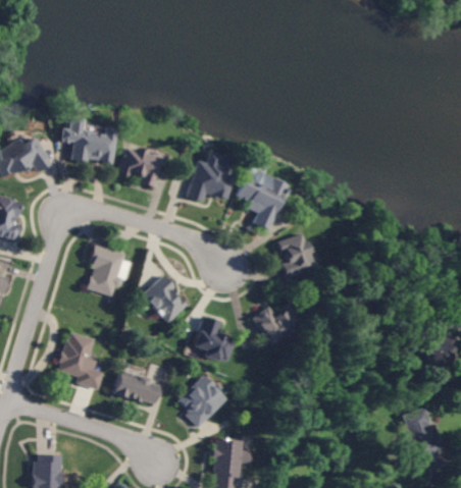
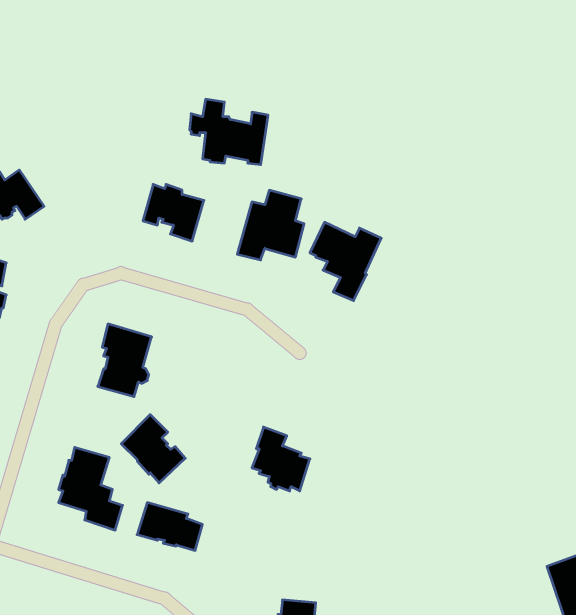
building: [62,117,117,163] -> [190,99,268,165]
building: [277,232,314,277] -> none
building: [143,274,188,322] -> [121,415,185,483]
building: [252,301,304,344] -> none
building: [180,375,227,427] -> none

